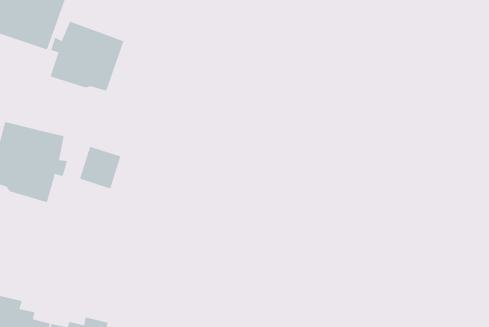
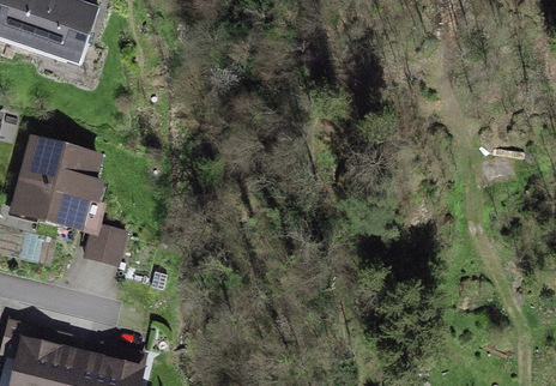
building: [50,21,124,91] -> none
building: [79,146,121,189] -> [87,218,132,264]

